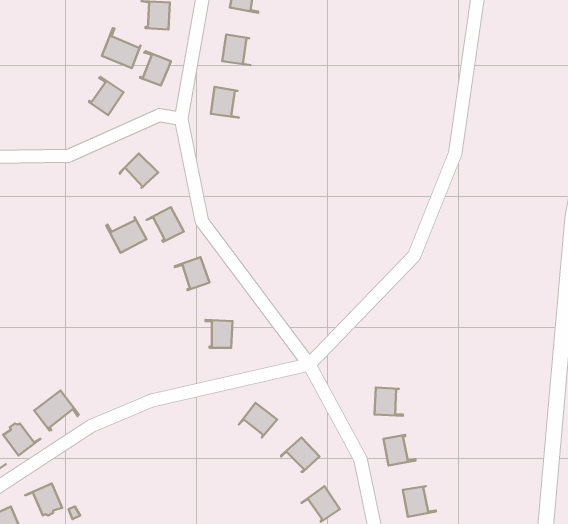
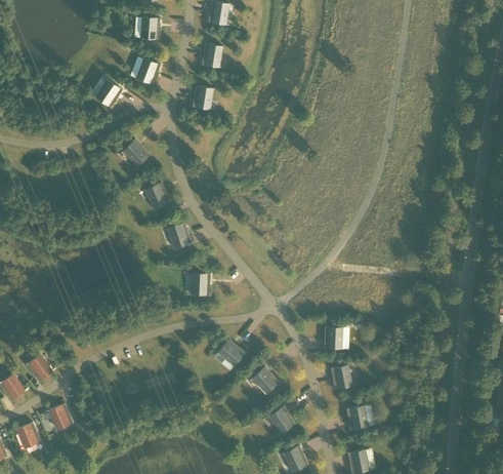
building: [102,28,141,68] -> none
building: [106,217,147,253] -> none
building: [34,390,79,430] -> none

